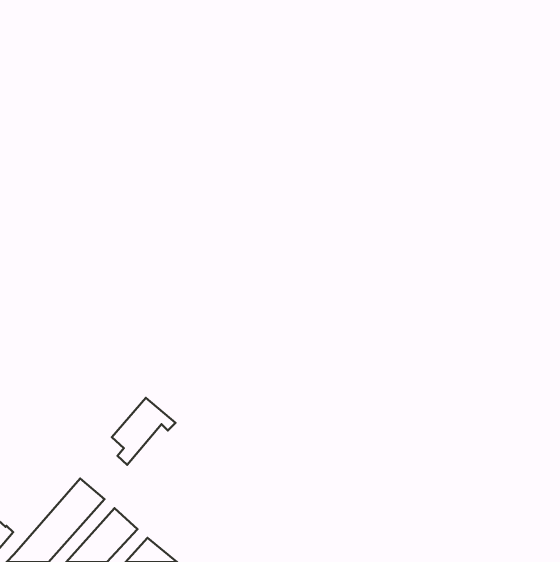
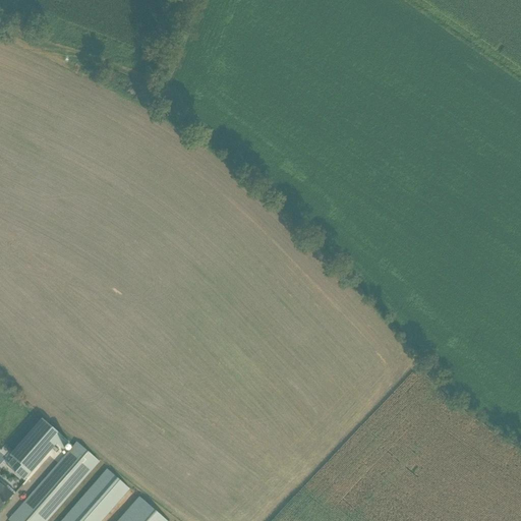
building: [112,398,176,465] -> [8,419,67,481]

